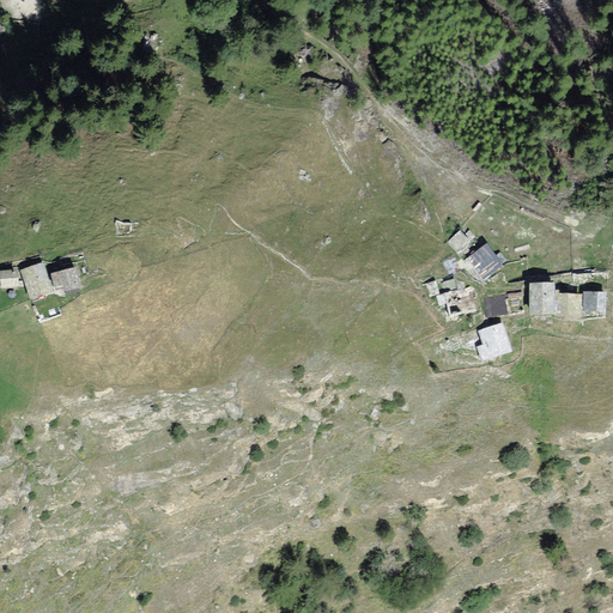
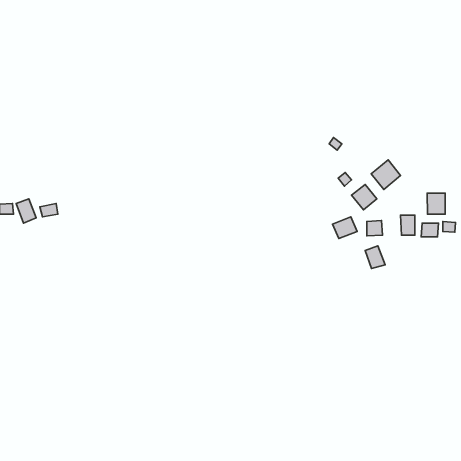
building: none -> [371,160,401,189]
building: none -> [427,193,445,214]

